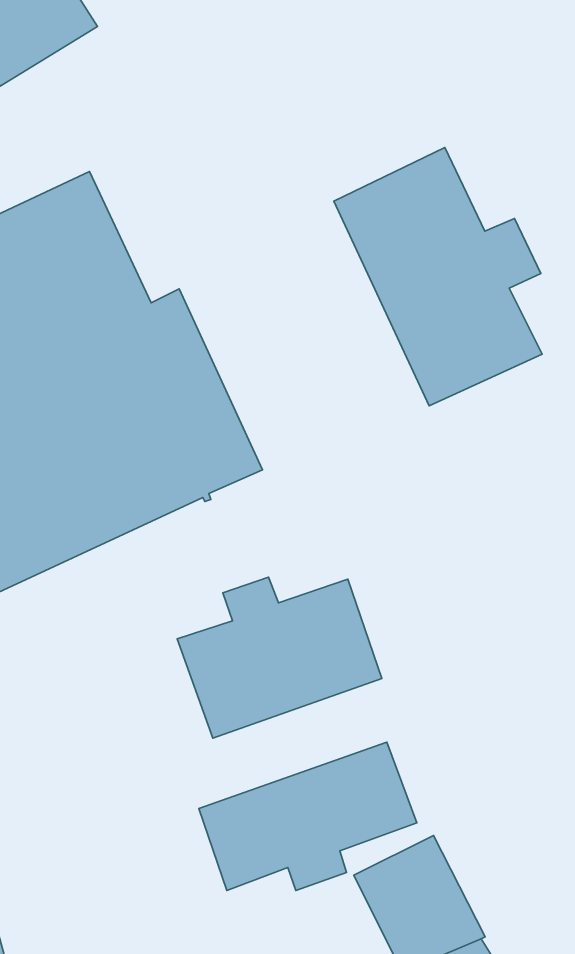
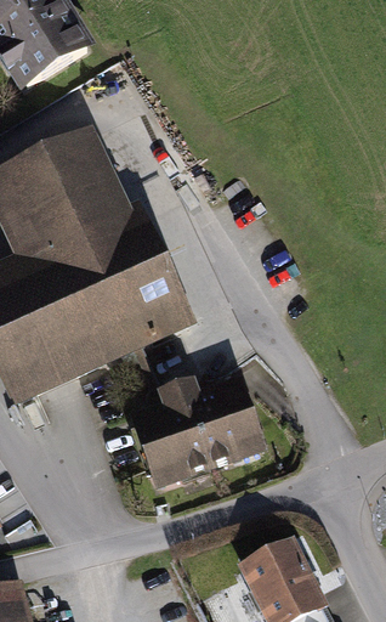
building: [334,148,542,406] -> none
building: [199,742,417,891] -> none

